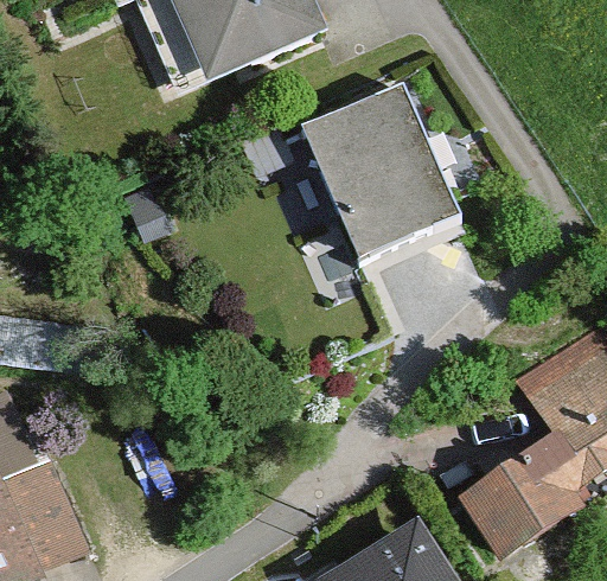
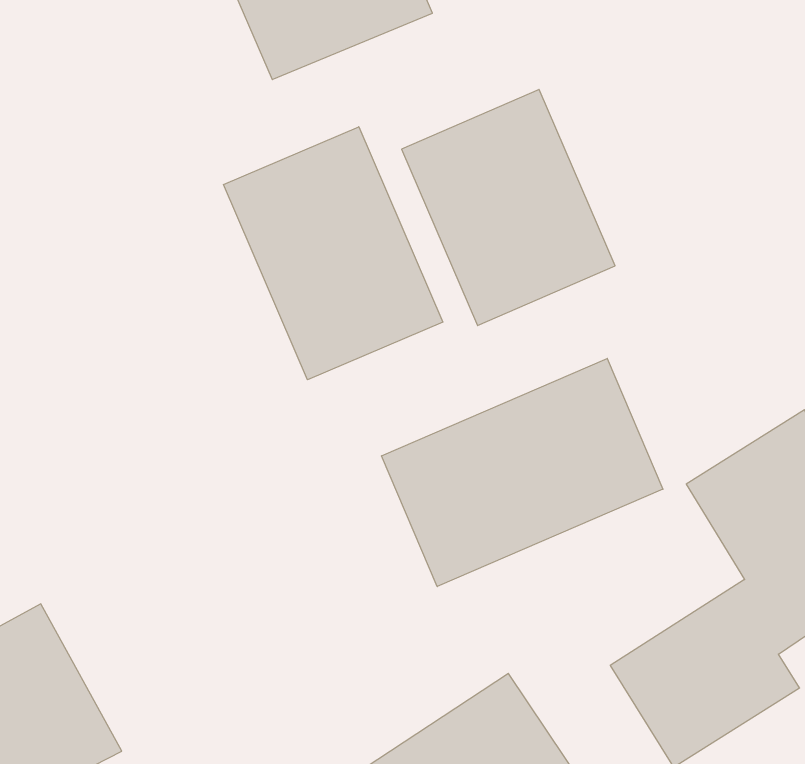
building: none -> [223,127,443,380]
building: none -> [382,358,663,587]

